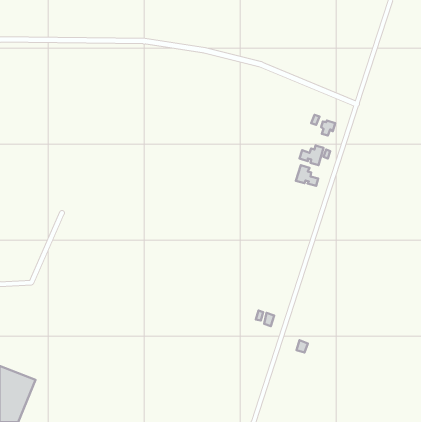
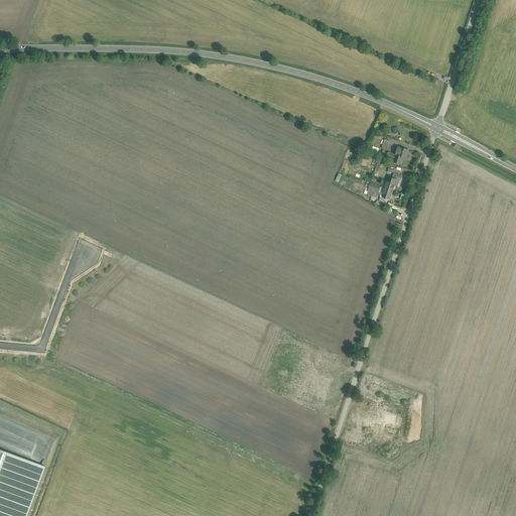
building: [296,165,318,186] -> none

